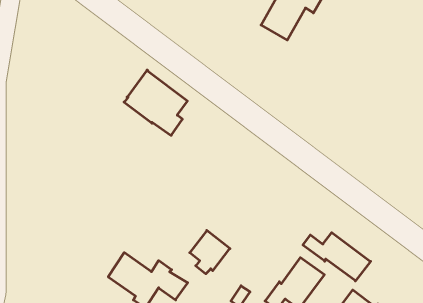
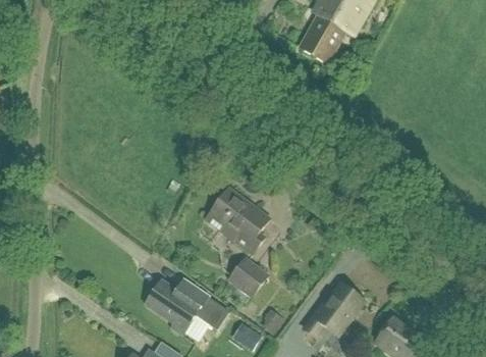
building: [124,70,187,135] -> [205,187,269,253]
building: [303,233,371,281] -> none

